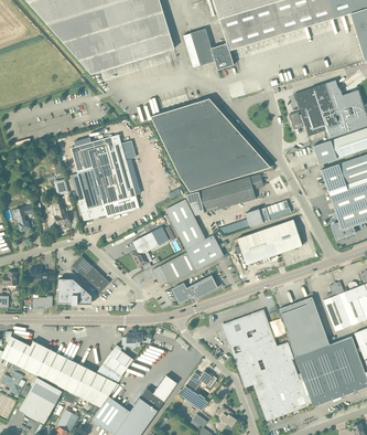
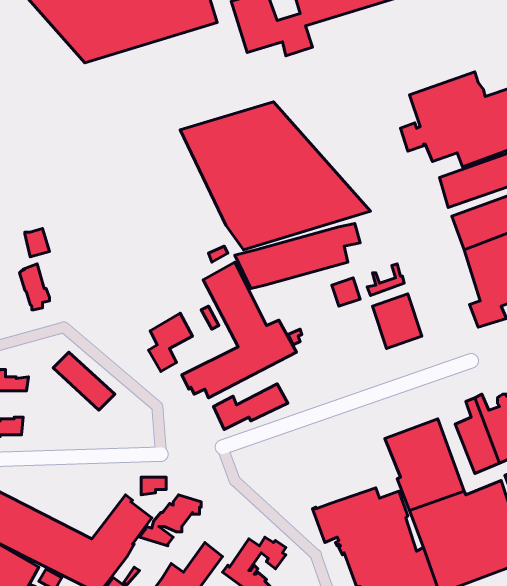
building: [71,135,136,221] -> none
building: [235,226,280,265] -> none
building: [58,278,90,304] -> none
building: [224,310,273,350] -> none

